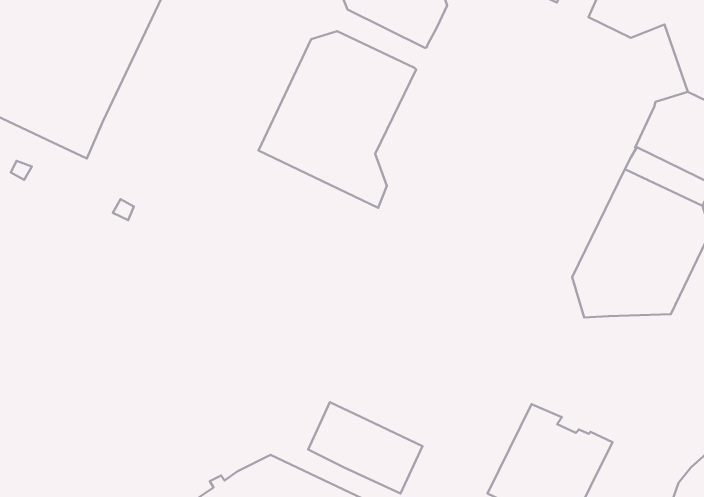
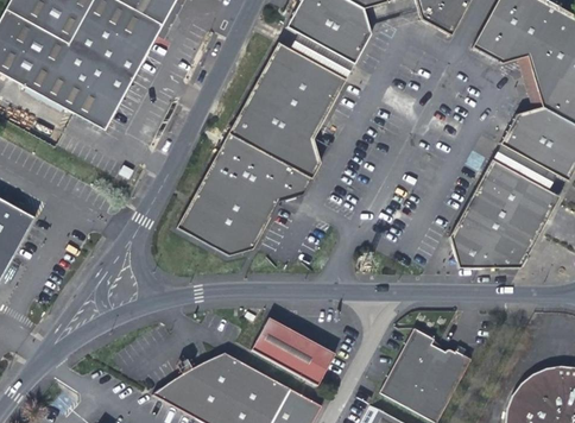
building: none -> [289,33,352,78]
building: none -> [175,132,311,255]

